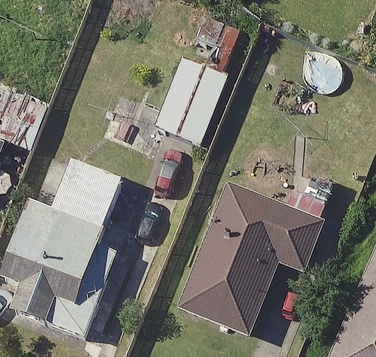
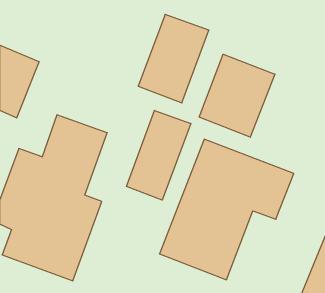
building: none -> [199,54,275,137]
building: none -> [126,110,191,200]

